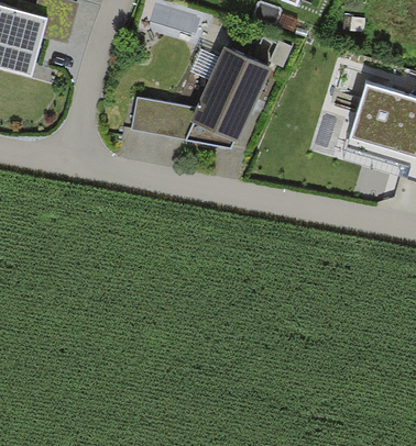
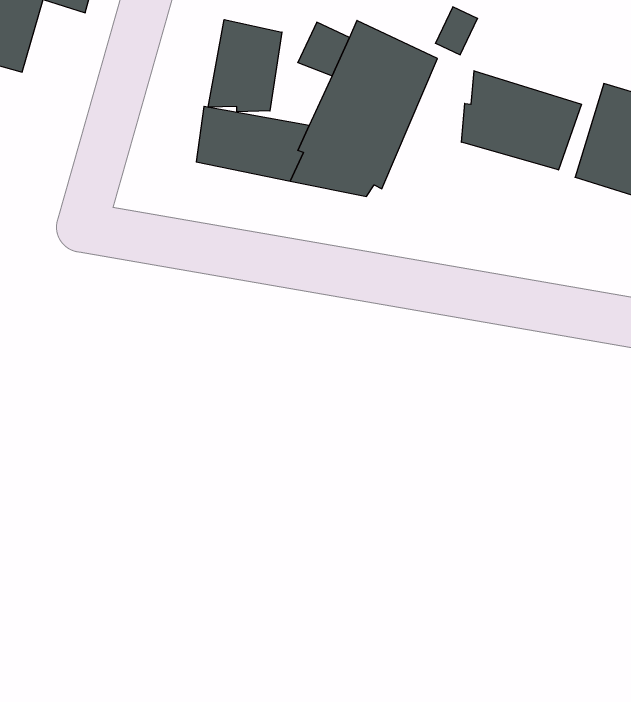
building: none -> [208,20,282,112]
building: none -> [461,71,582,170]

